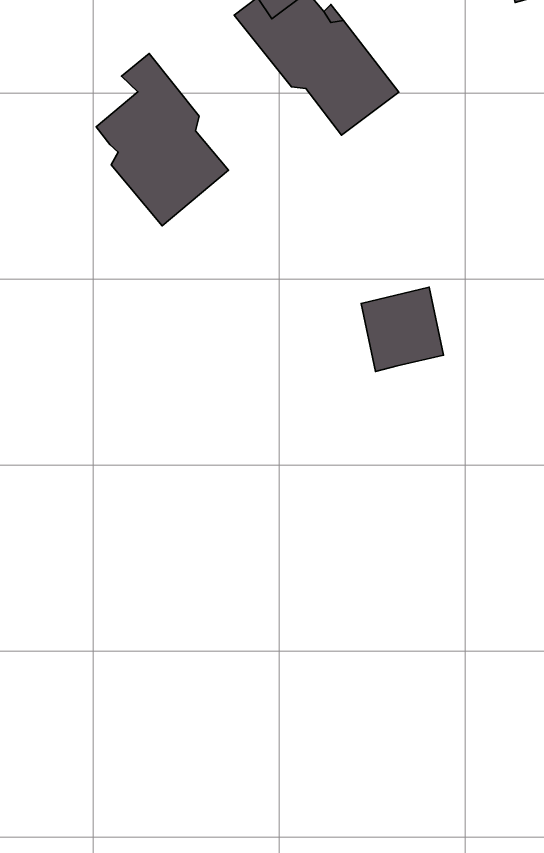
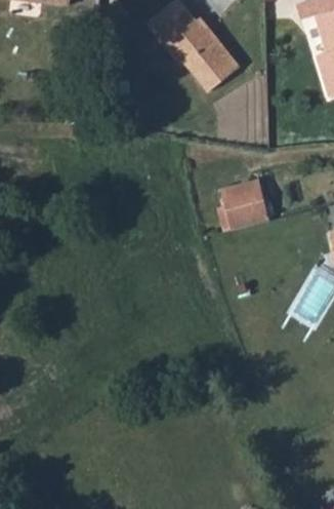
building: [96,54,229,226] -> none

